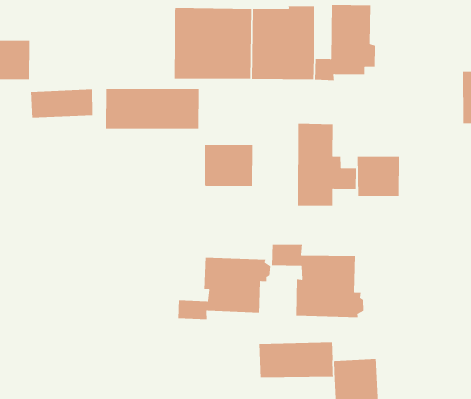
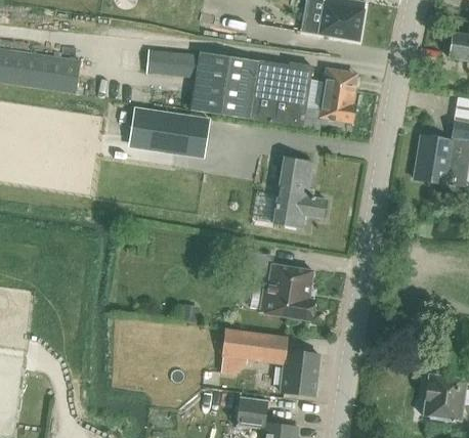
building: [30,89,93,118] -> [146,50,199,77]
building: [204,144,253,187] -> none
building: [357,156,400,197] -> none
building: [177,257,271,320] -> none

